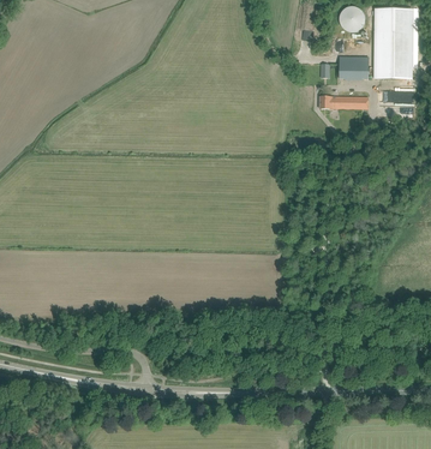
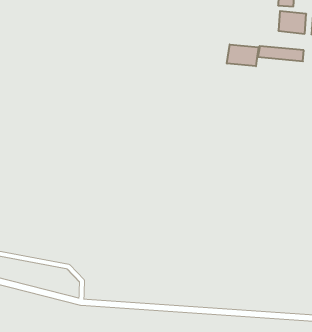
building: none -> [227,44,259,66]

